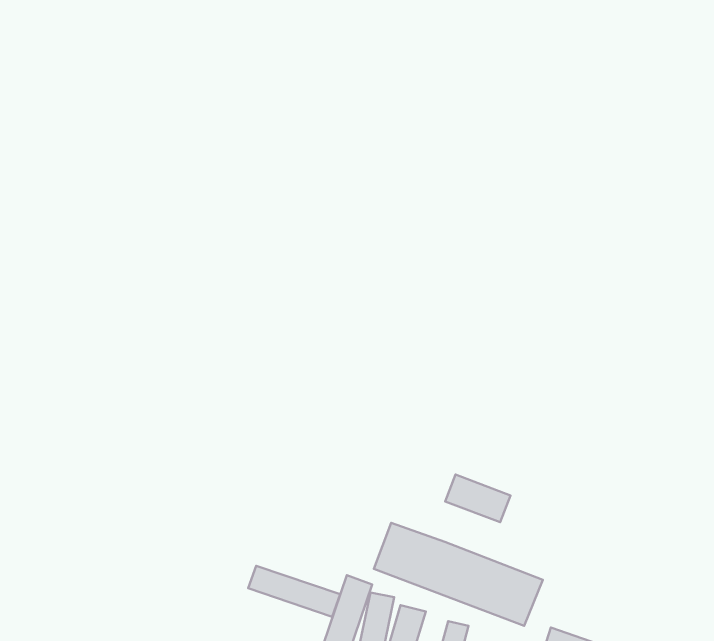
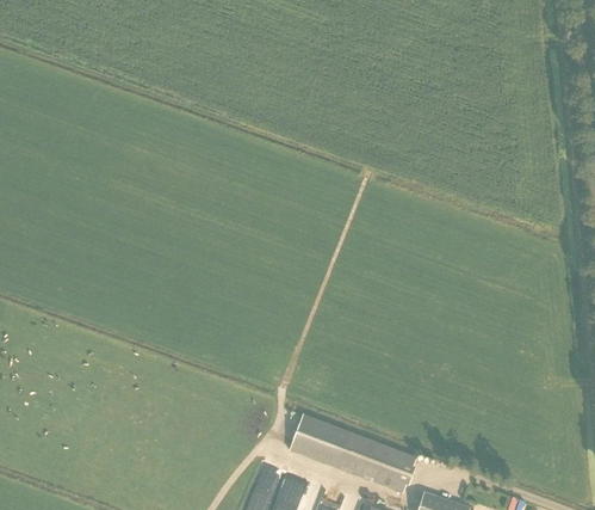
building: [445,475,511,522] -> none
building: [248,566,340,617] -> none

